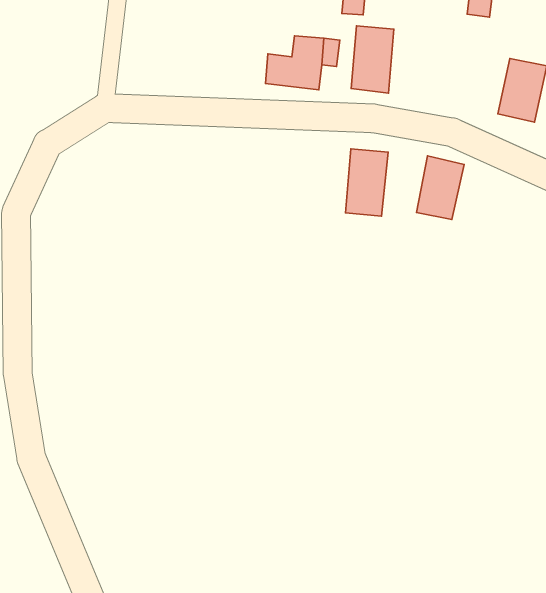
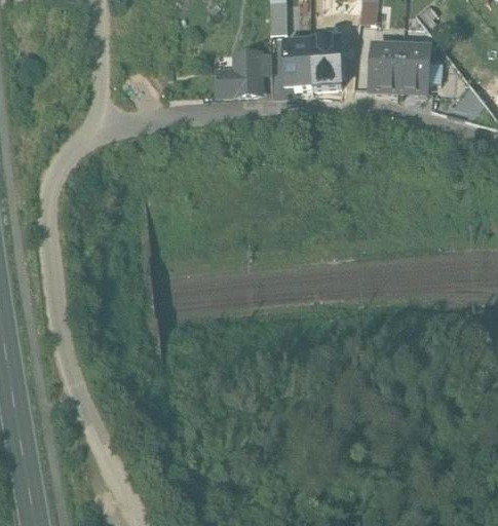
building: [345,149,388,216] -> [310,36,340,86]
building: [416,156,464,219] -> [370,45,401,91]

